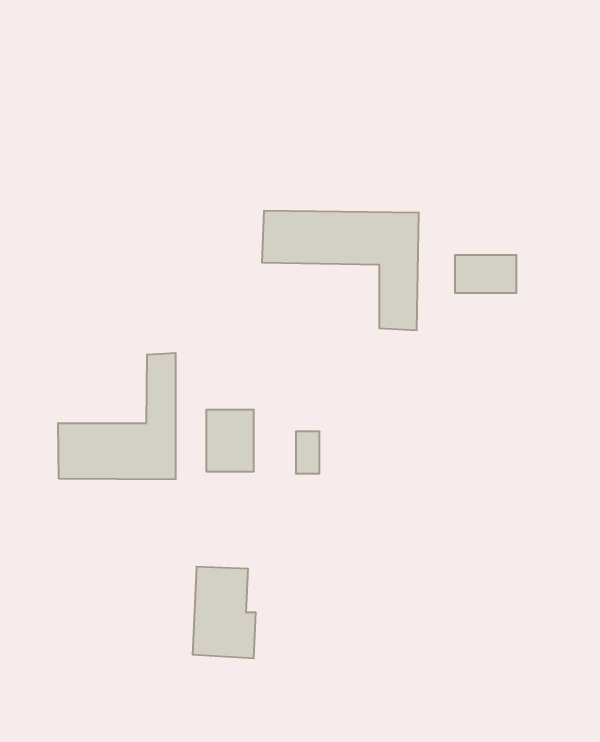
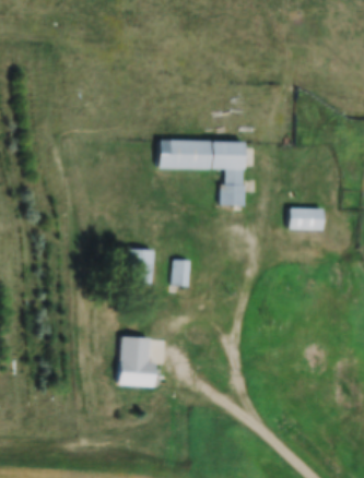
building: [455,255,517,293] -> [290,208,324,229]
building: [58,353,176,479] -> none

